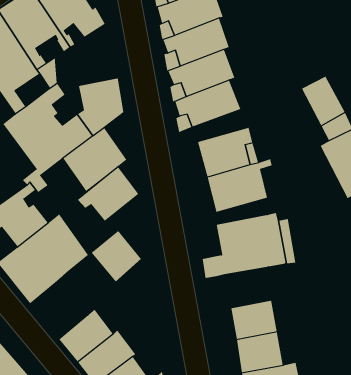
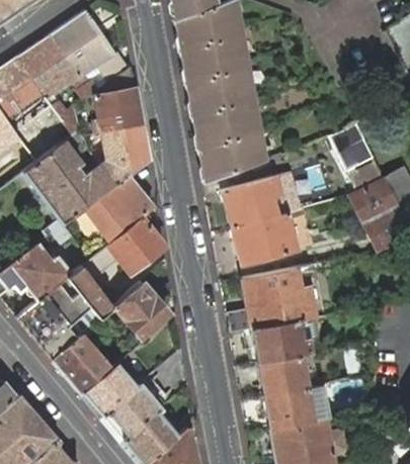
building: none -> [95,68,144,134]
building: none -> [253,319,310,362]
building: none -> [53,333,112,394]

